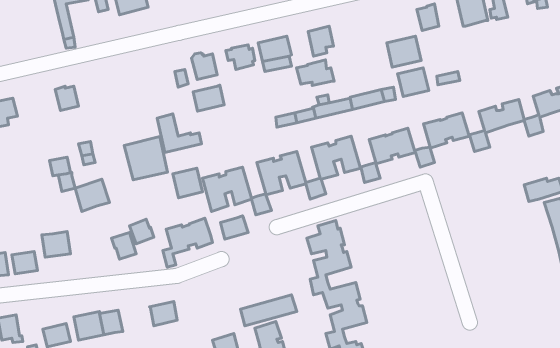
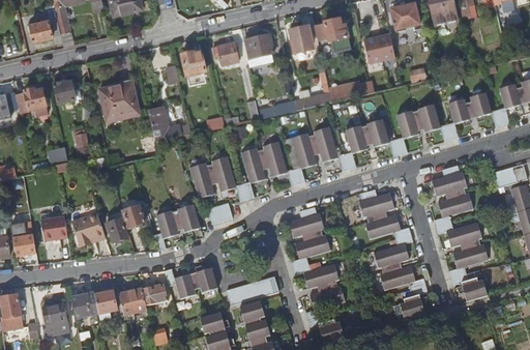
building: none -> [29,17,60,39]
building: [297,60,334,85] -> [313,18,348,41]
building: [397,68,429,97] -> none
building: [193,85,224,111] -> none
building: none -> [16,88,48,114]
building: [124,137,167,180] -> [98,81,139,121]
building: [173,168,203,198] -> none
building: none -> [431,166,487,301]
building: [75,179,109,212] -> [72,213,105,243]
building: none -> [358,188,426,320]
building: none -> [164,266,216,297]
building: none -> [119,288,146,314]

